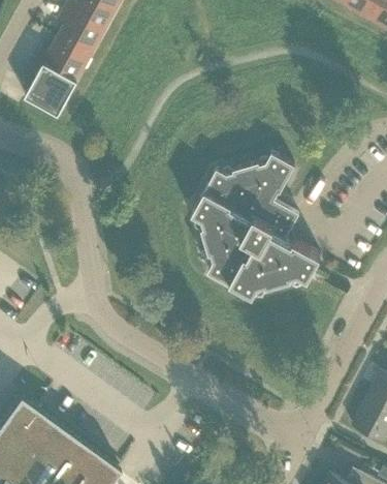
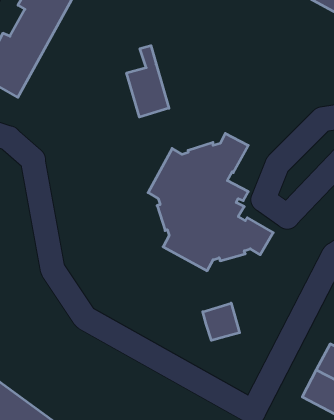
building: none -> [127,46,169,117]
building: none -> [203,303,240,340]

